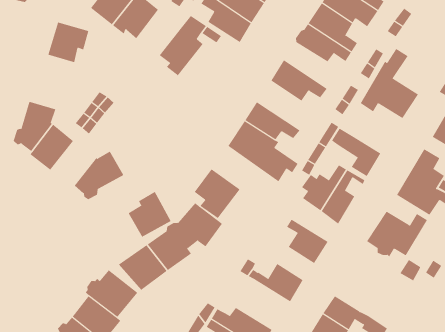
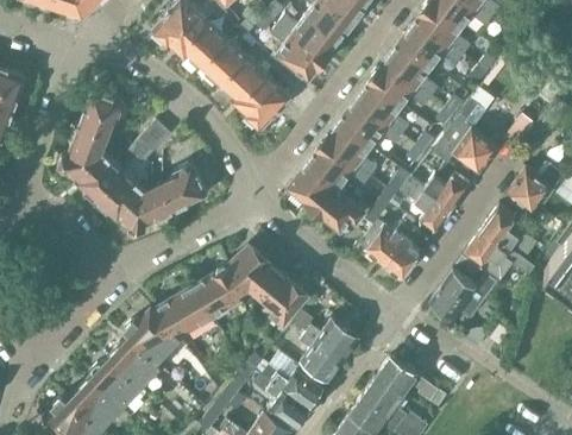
building: none -> [199,37,247,86]
building: [47,22,89,63] -> [78,90,125,135]
building: none -> [354,82,407,134]
building: none -> [240,77,293,130]
building: none -> [322,121,375,177]
building: none -> [425,165,470,208]
building: none -> [96,171,146,221]
building: [194,168,240,219] -> [257,271,307,326]
building: [128,191,172,238] -> [162,163,208,212]
building: [286,219,328,264] -> [300,333,344,383]

